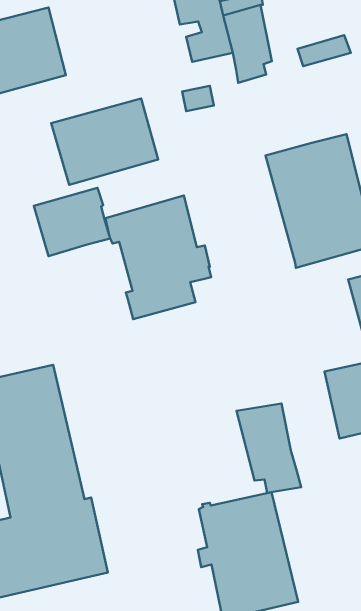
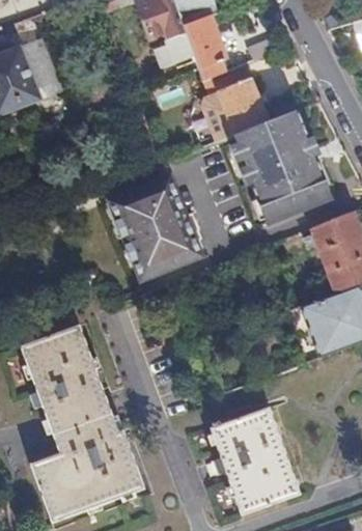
building: none -> [202,76,268,140]
building: [51,99,158,185] -> none
building: [34,188,110,256] -> none
building: [236,404,301,493] -> none

